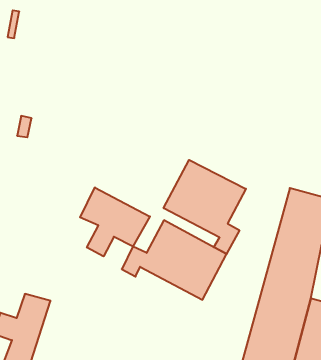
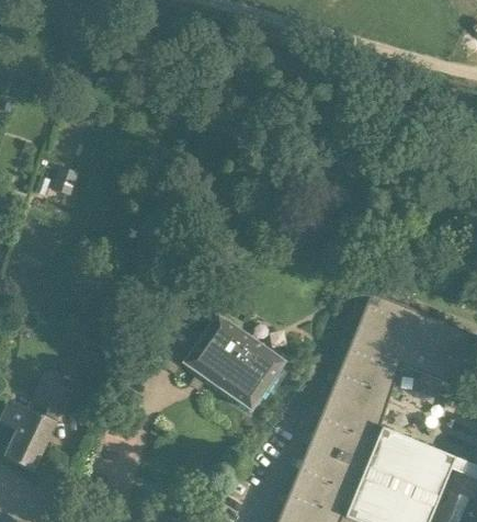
building: [164,160,246,254] -> none
building: [80,187,150,256] -> none

